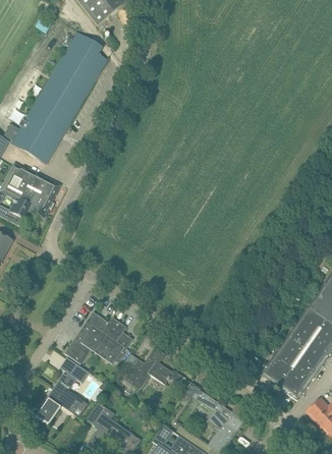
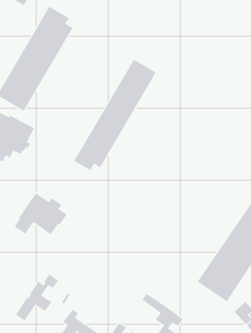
building: none -> [74,59,156,171]
building: [65,311,132,364] -> [13,192,67,235]
building: [123,347,183,390] -> none

